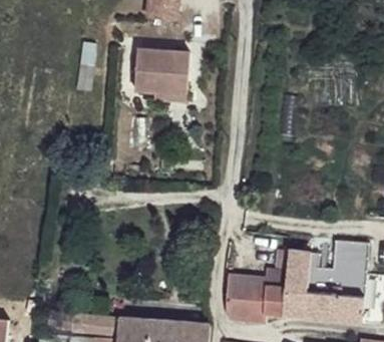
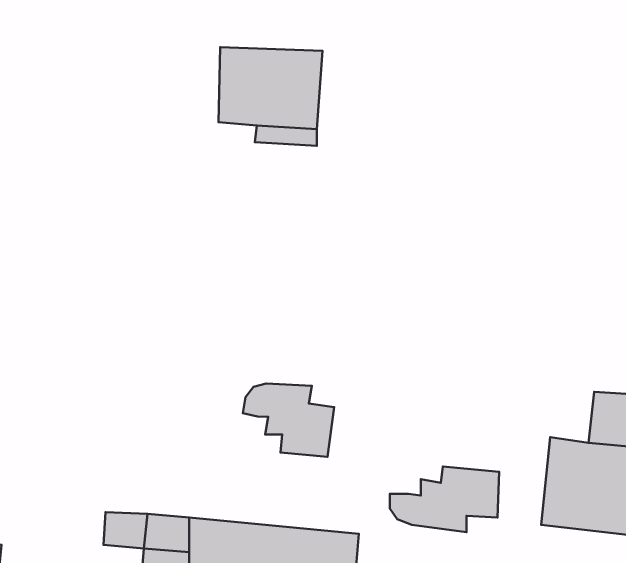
building: none -> [243,384,334,457]
building: [285,252,314,315] -> none

